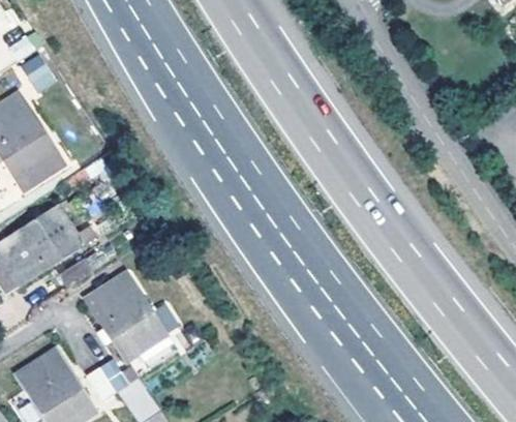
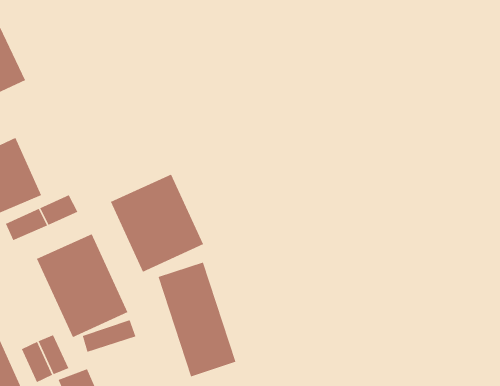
building: none -> [110,173,204,273]
building: none -> [158,261,236,377]

